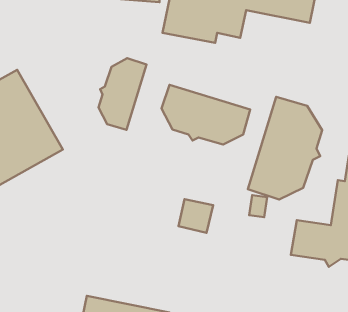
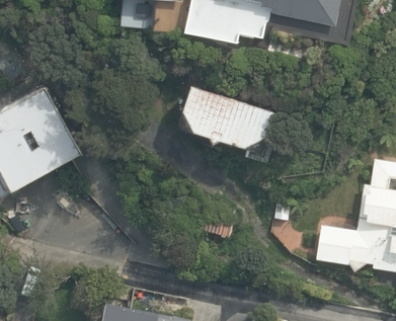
building: [98,58,146,130] -> none
building: [248,97,322,200] -> none

